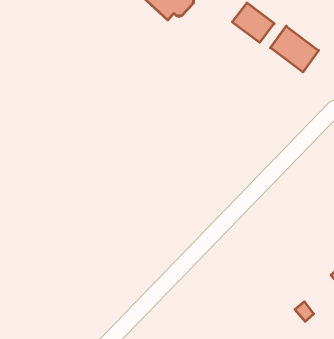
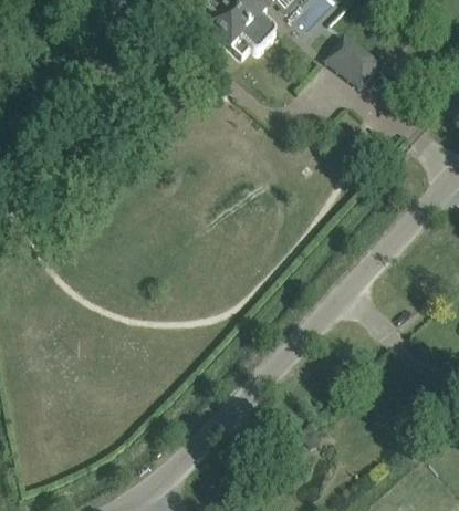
building: [270,26,319,72] -> none

